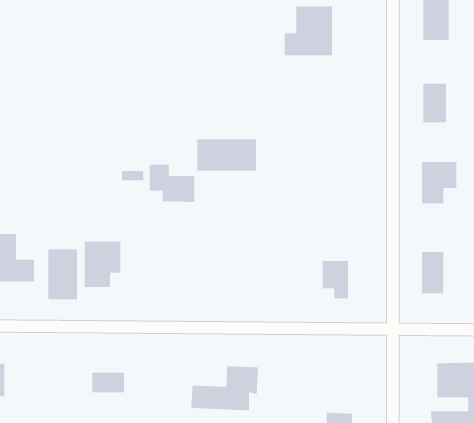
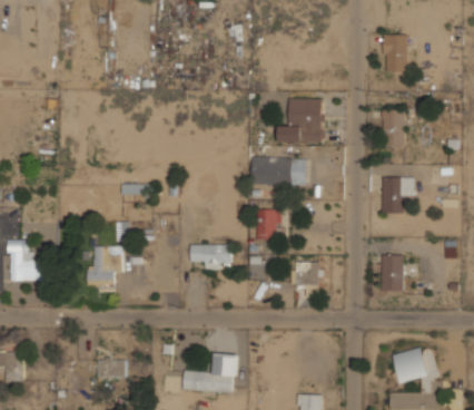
building: [284,6,333,56] -> [279,99,322,143]
building: [196,139,257,171] -> [251,157,304,185]
building: [149,164,195,203] -> [190,236,230,270]
building: none -> [257,211,279,240]
building: [48,249,77,300] -> none

